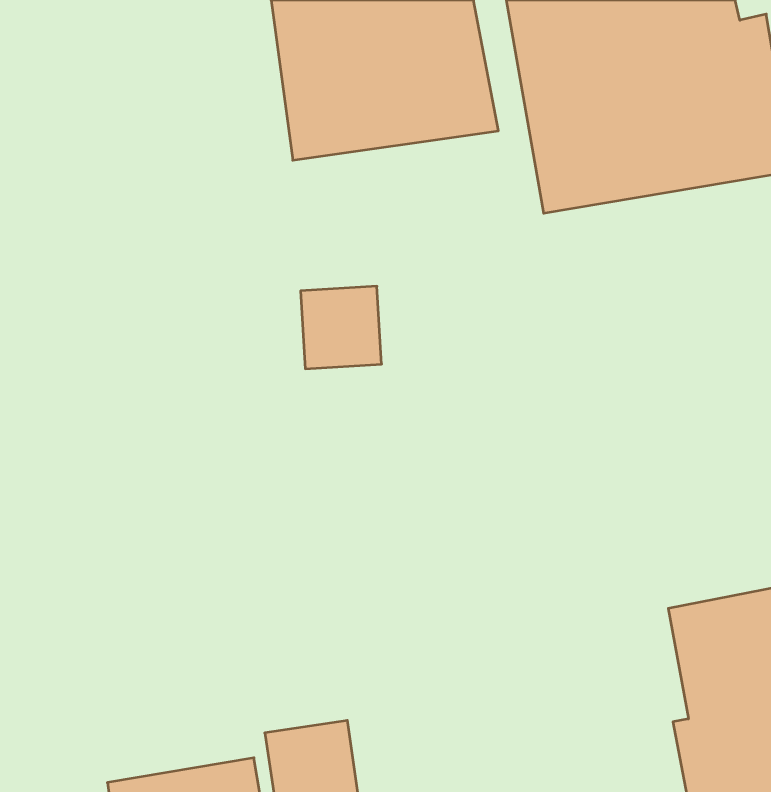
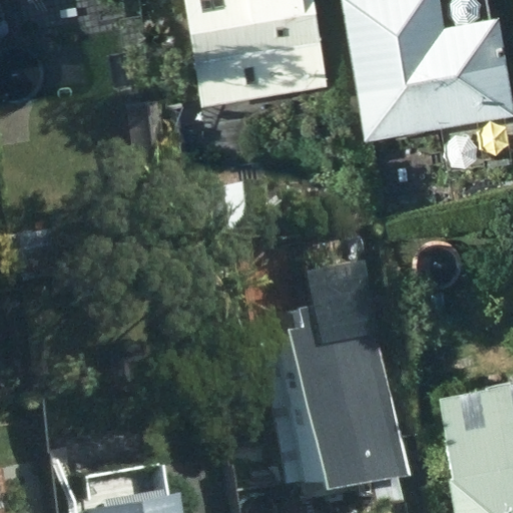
building: none -> [262,285,389,506]

